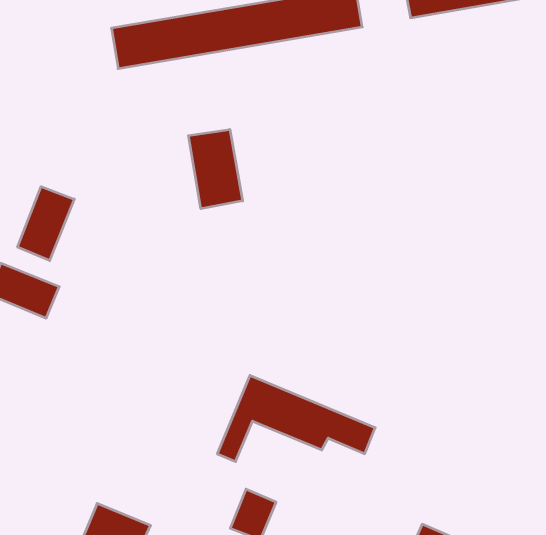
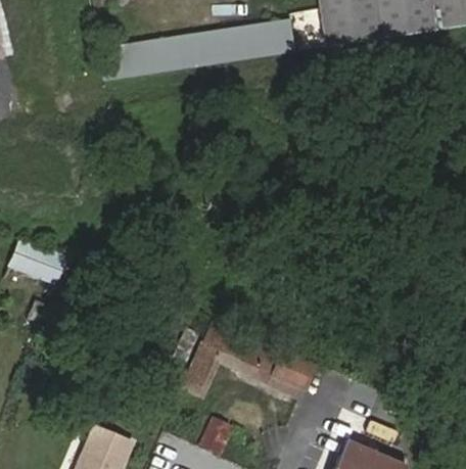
building: [188,129,243,209] -> none
building: [18,187,74,261] -> none

